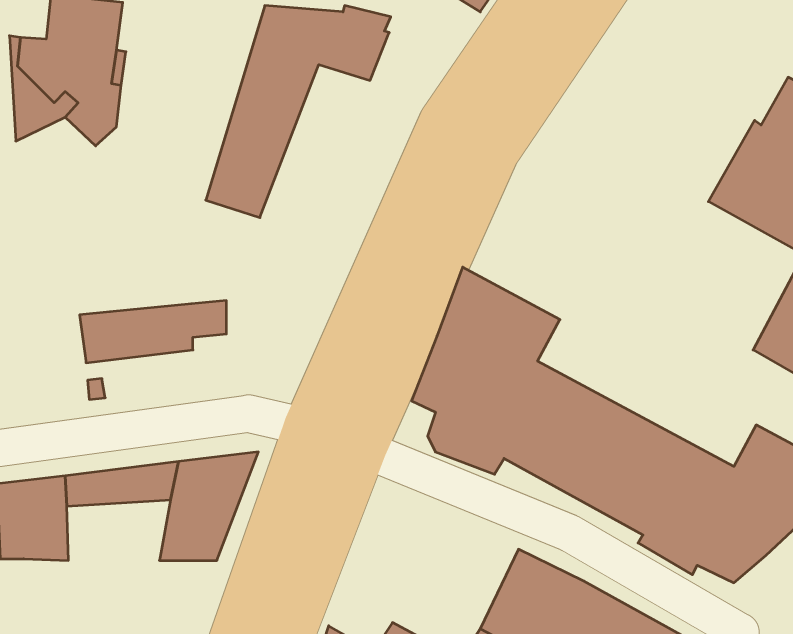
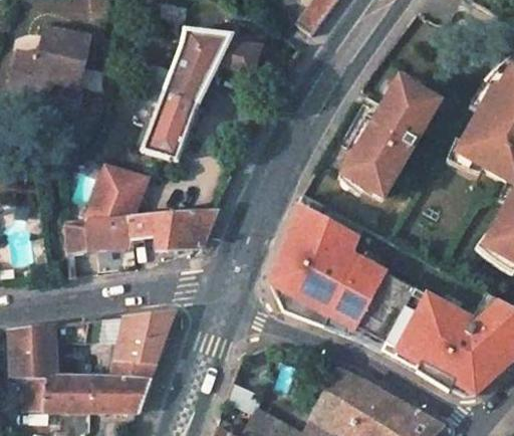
building: none -> [343,78,439,197]
building: none -> [81,167,145,222]
building: none -> [155,209,216,251]
building: none -> [27,378,149,412]

